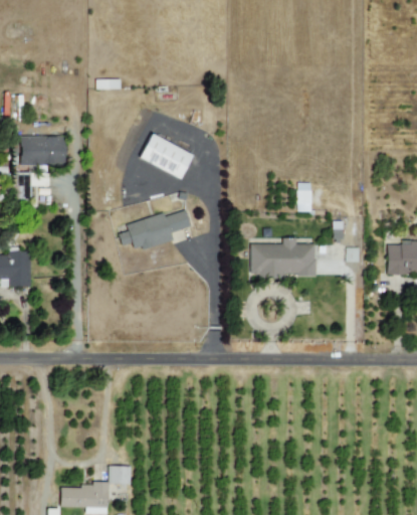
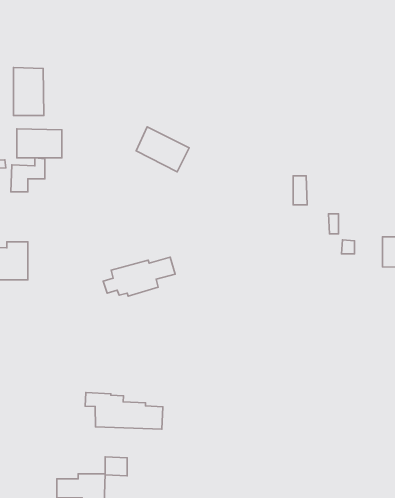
building: none -> [14,67,44,116]
building: [120,210,192,249] -> [103,257,175,296]
building: [251,239,317,277] -> none
building: none -> [85,393,163,429]

